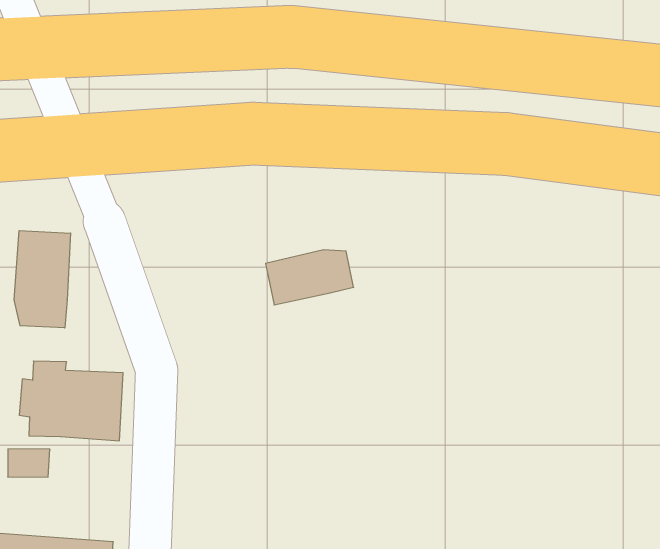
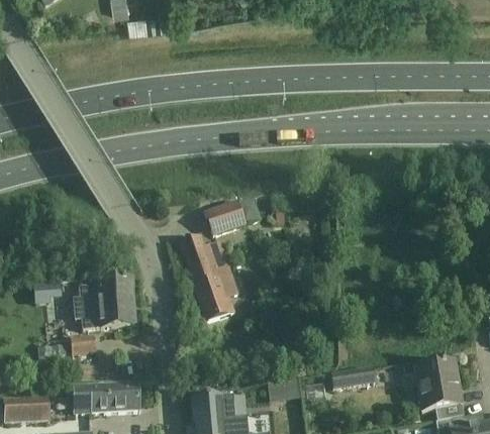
building: [14,231,71,328] -> none
building: none -> [182,234,235,320]

